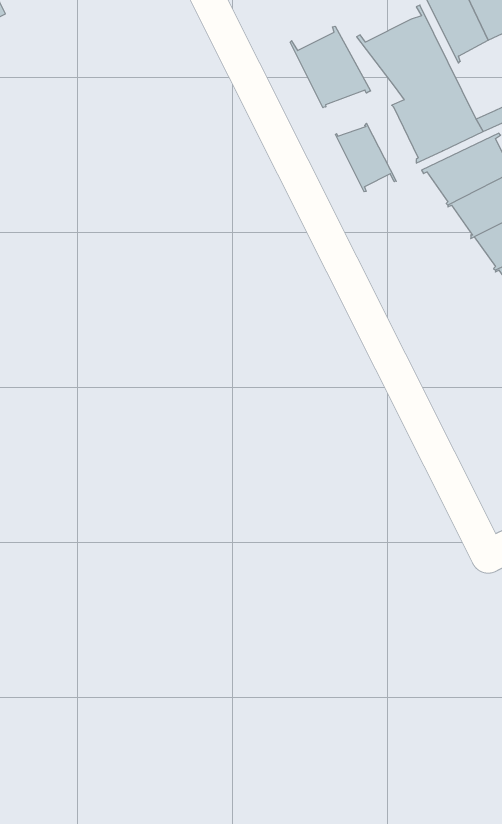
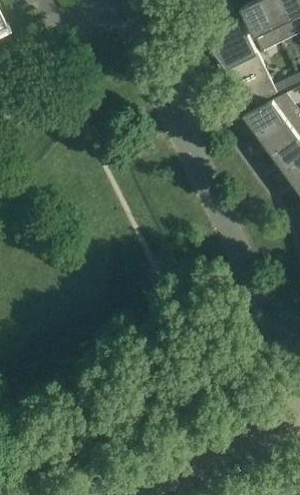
building: [290,26,371,108] -> none
building: [335,123,396,192] -> none

